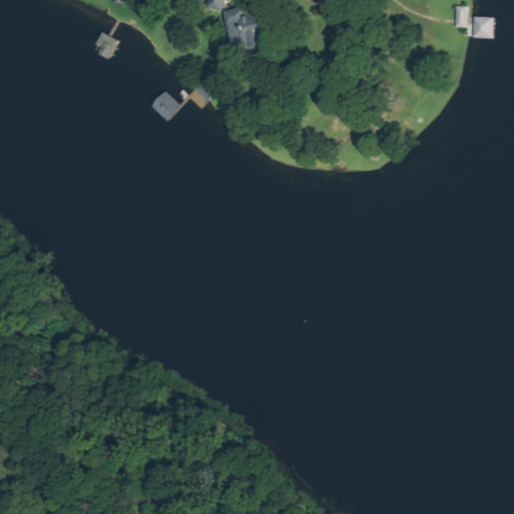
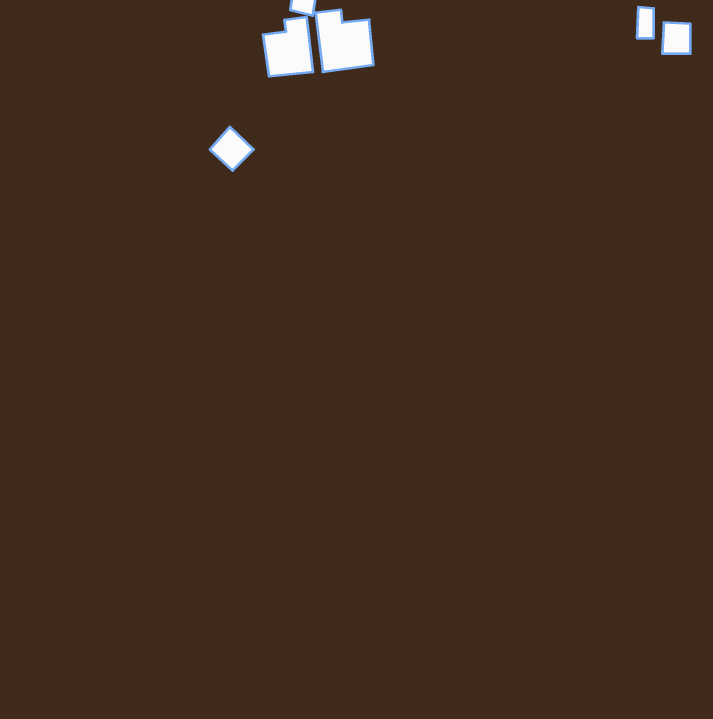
building: none -> [263,17,313,76]

